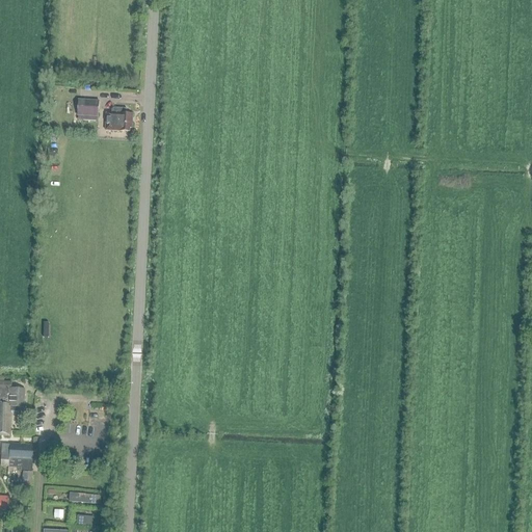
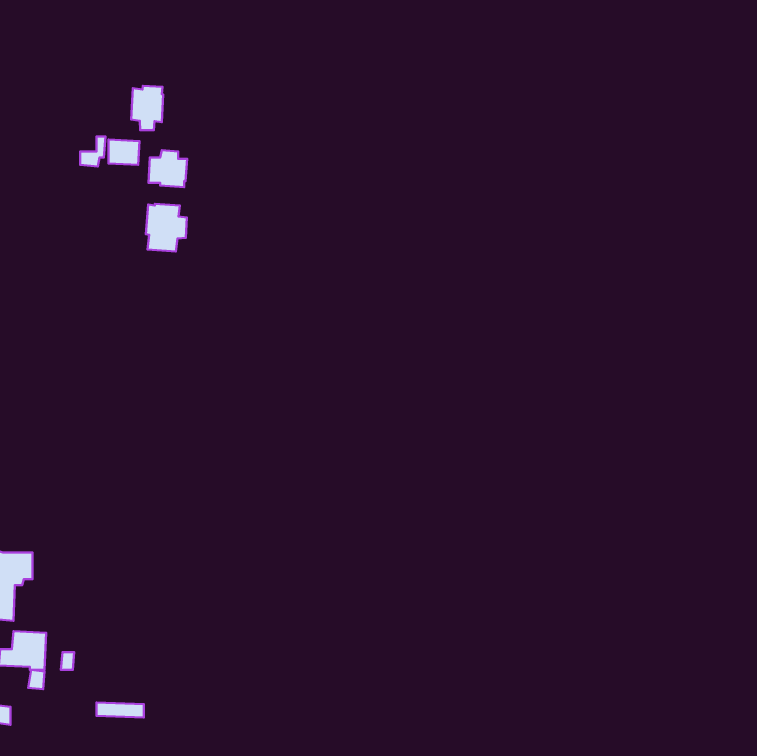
building: none -> [131,86,163,130]
building: none -> [146,204,187,252]

